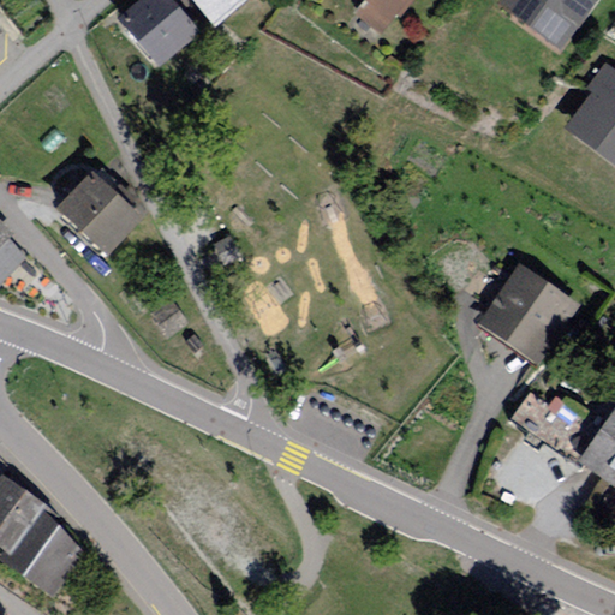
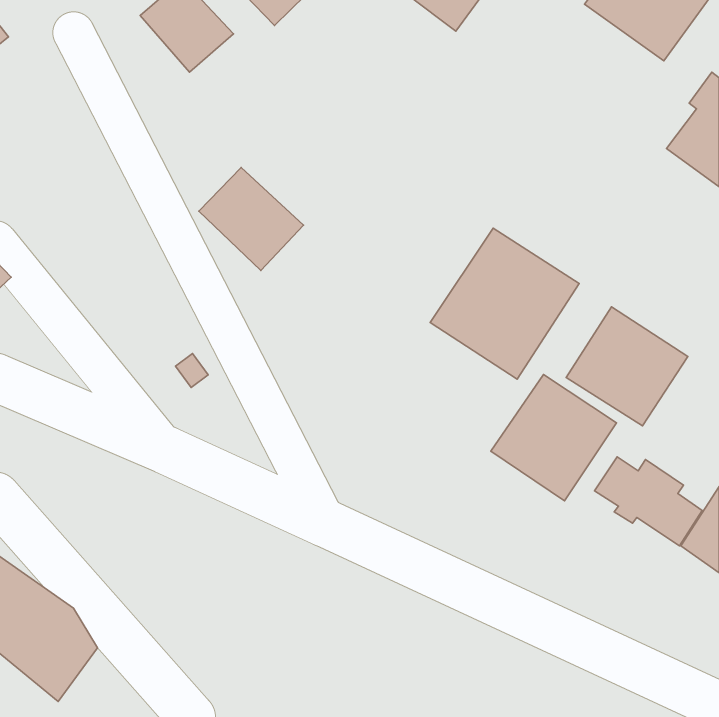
building: [55,169,144,257] -> [199,167,303,271]
building: none -> [430,228,579,379]
building: none -> [491,374,617,501]

